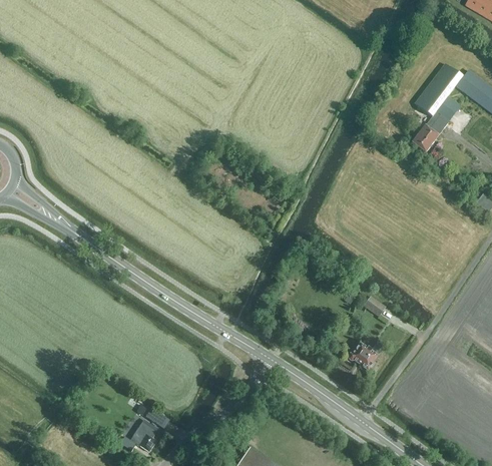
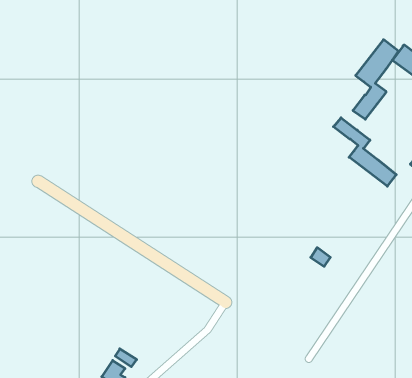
building: none -> [333,118,396,186]
building: [349,342,385,370] -> none

